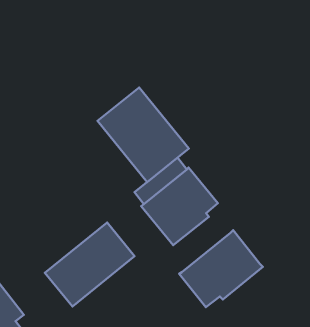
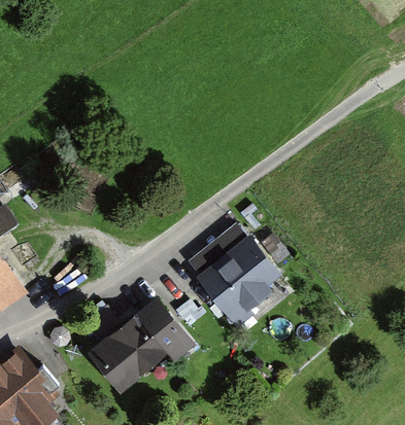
building: [98,87,189,182] -> none
building: [179,230,263,307] -> none

